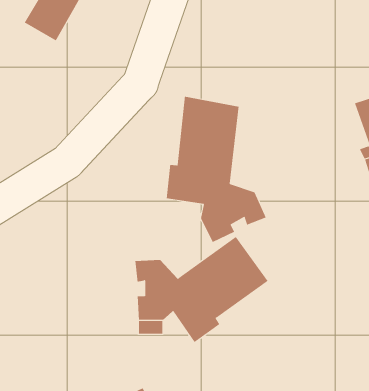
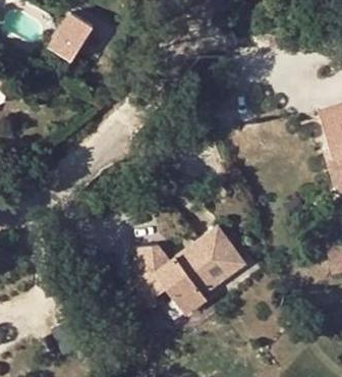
building: [166,96,266,243] -> none

